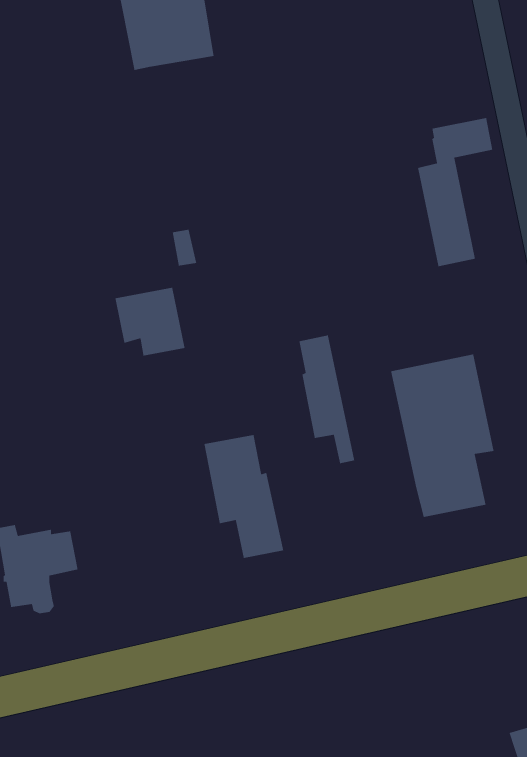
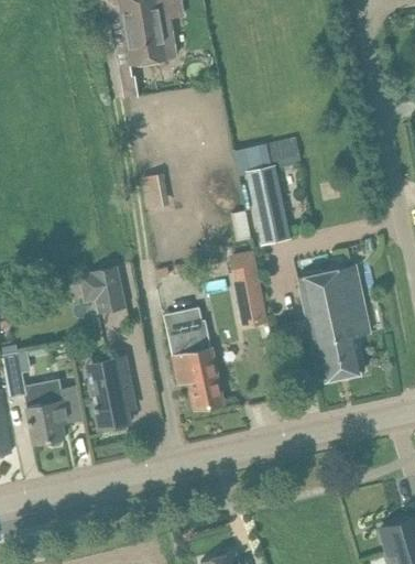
building: [417,117,493,267] -> [248,138,301,242]
building: [114,287,186,356] -> [77,264,127,313]
building: none -> [87,356,134,430]

